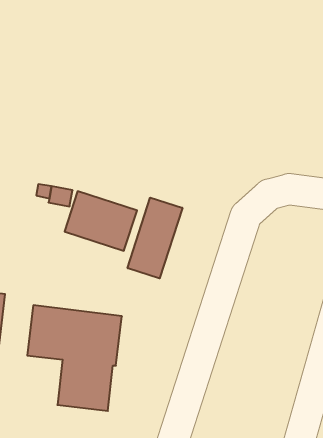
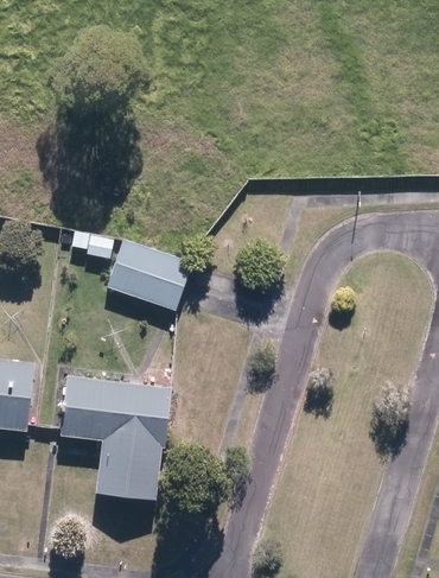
building: [128,198,182,278] -> none

